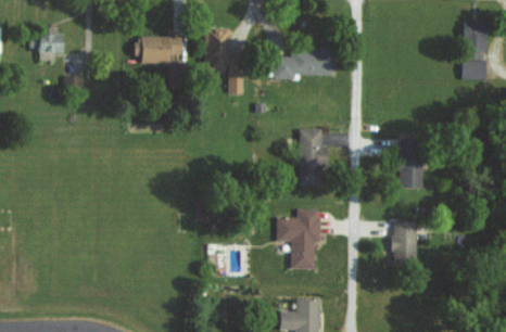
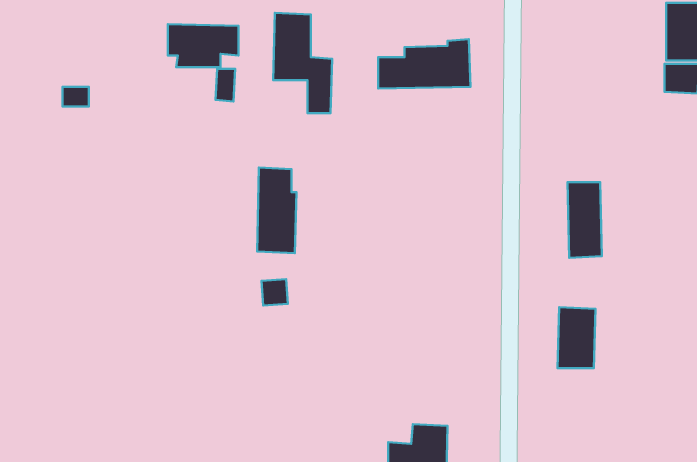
building: [39,34,63,61] -> none
building: [300,129,326,186] -> [257,167,297,253]
building: [277,208,319,269] -> none

